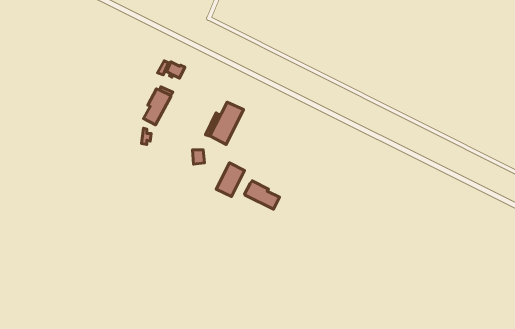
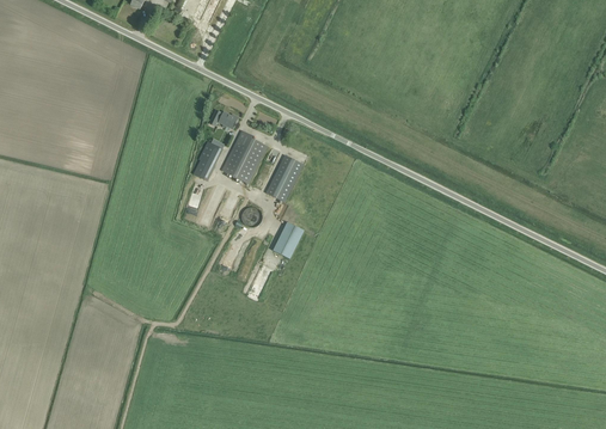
building: none -> [220,130,265,184]
building: [244,181,279,209] -> none

